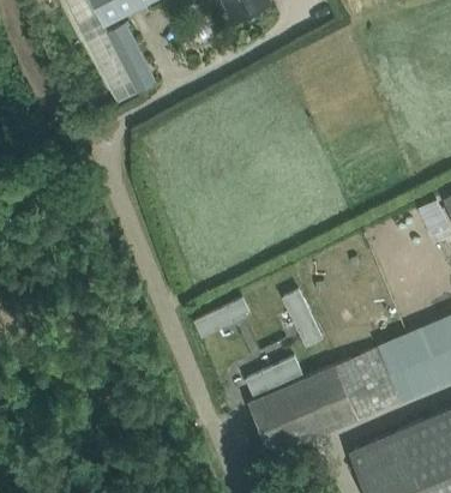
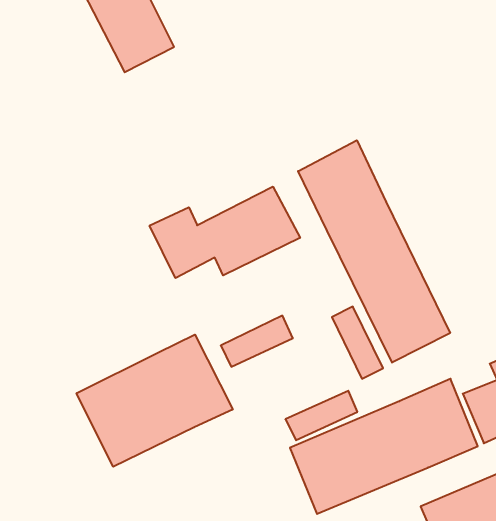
building: none -> [298,140,450,363]
building: none -> [150,187,300,278]
building: none -> [77,335,233,467]

